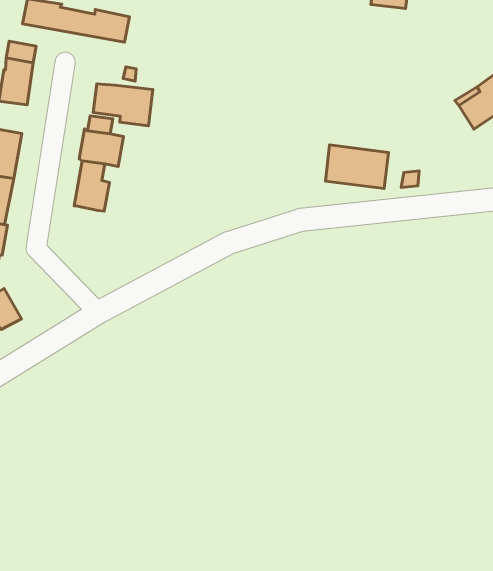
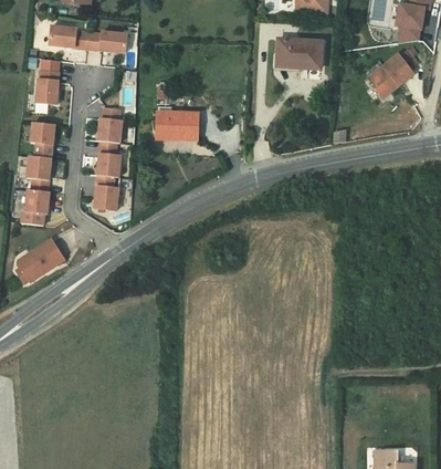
building: [93,84,153,126] -> [156,113,198,140]
building: [325,145,388,189] -> [276,40,321,69]
building: none -> [94,175,118,210]

